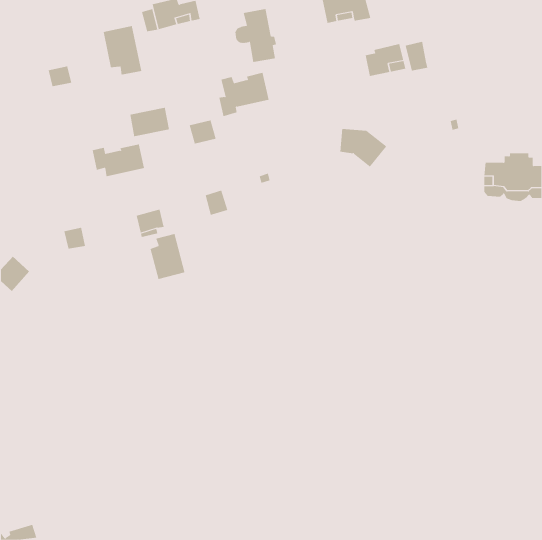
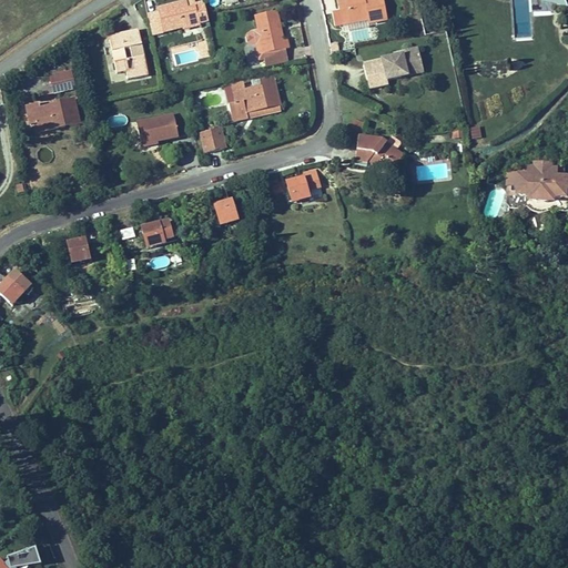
building: [405,41,428,71] -> [363,58,387,89]
building: [92,144,145,177] -> [24,97,80,131]
building: none -> [285,168,322,203]
building: [150,233,185,280] -> none

